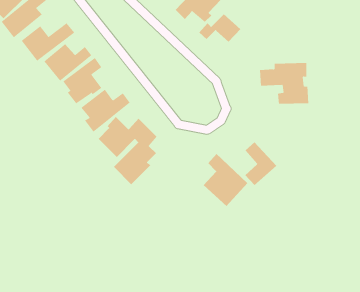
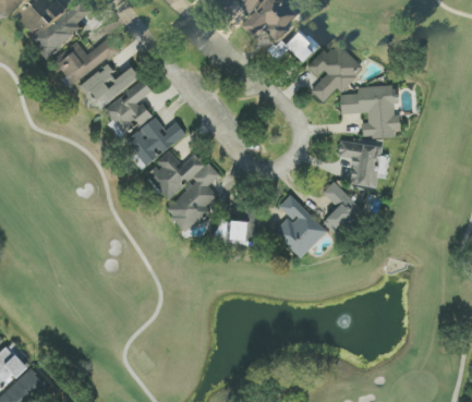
building: none -> [306,42,363,102]
building: none -> [338,141,388,187]
building: none -> [216,220,247,243]

